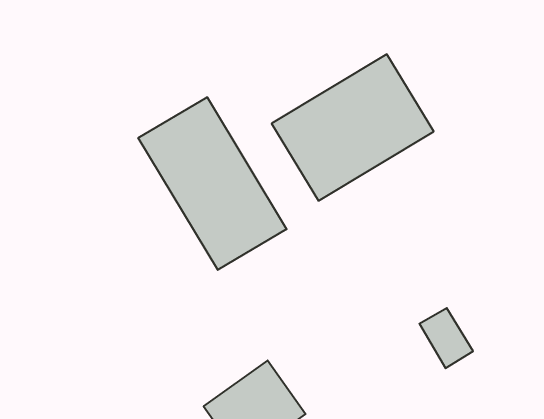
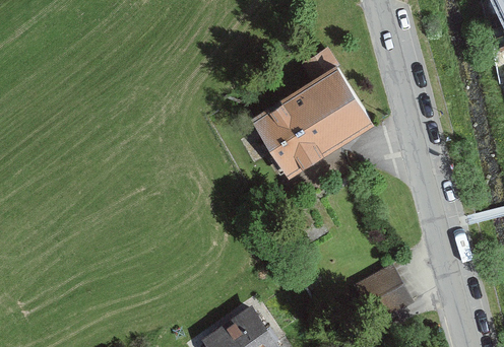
building: [138,97,287,270] -> none

